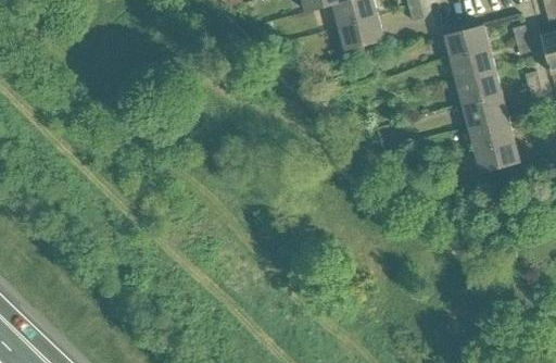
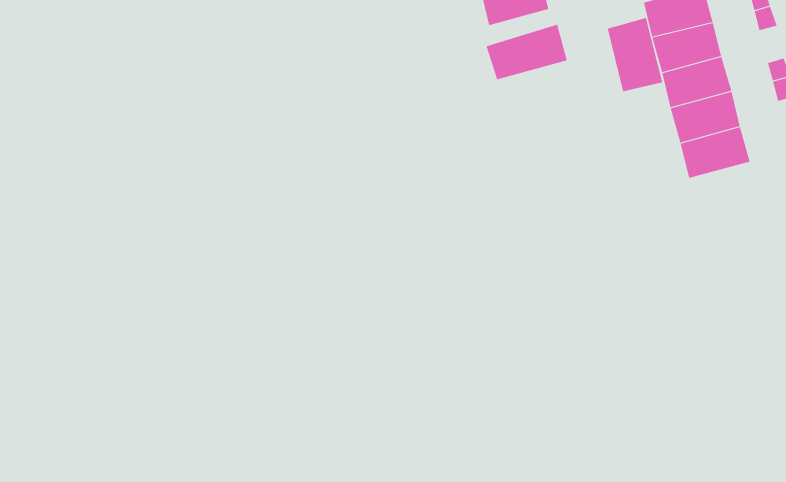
building: none -> [607,17,663,92]
building: none -> [486,24,568,80]
building: [473,139,519,173] -> none

